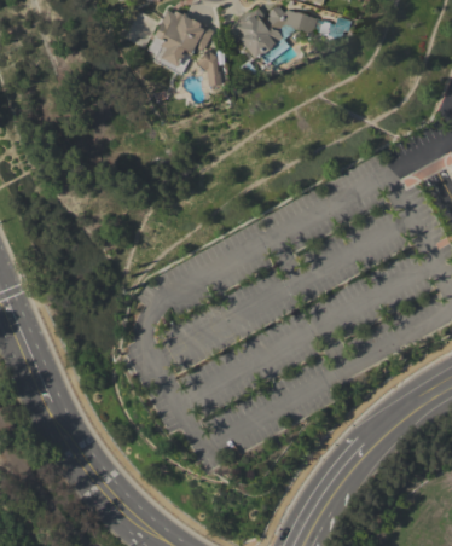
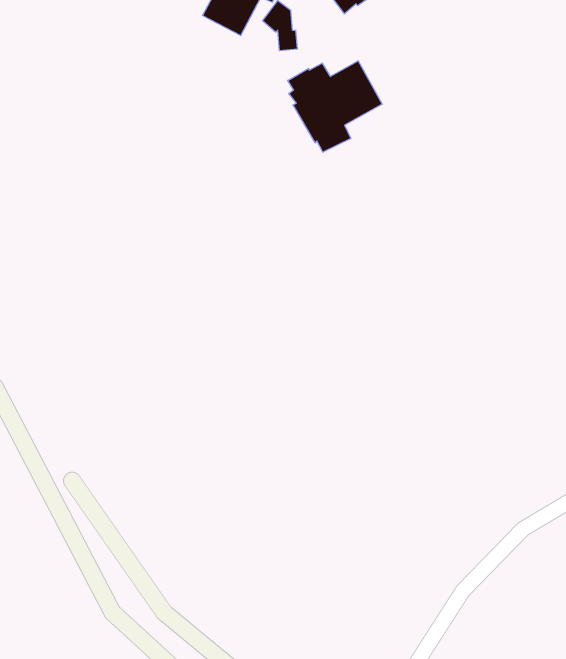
building: none -> [288,61,382,152]

